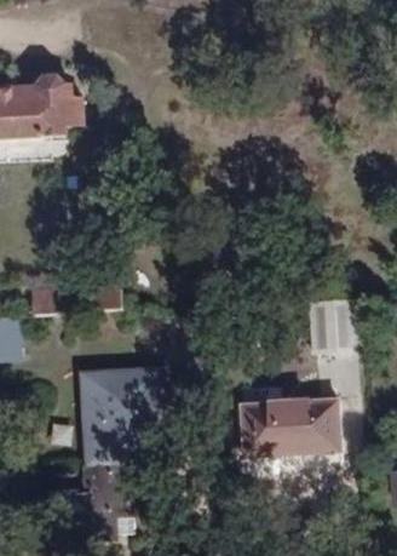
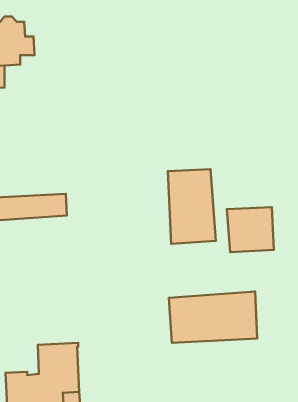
building: none -> [168,169,216,244]
building: [80,367,162,460] -> none

